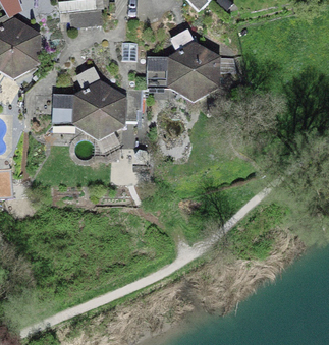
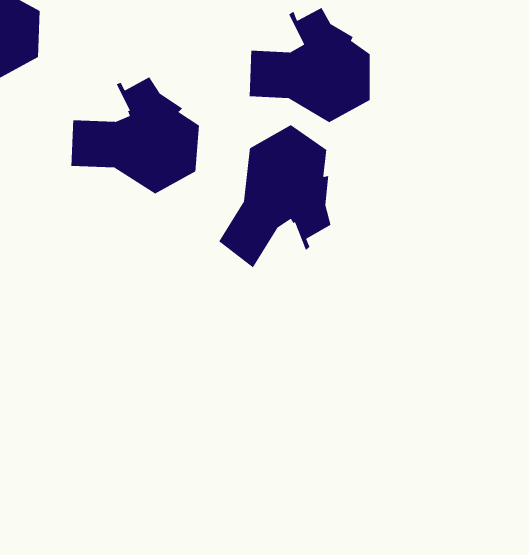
building: none -> [218,124,332,269]

